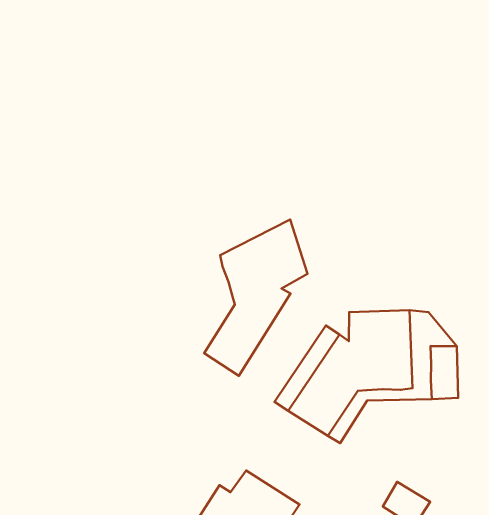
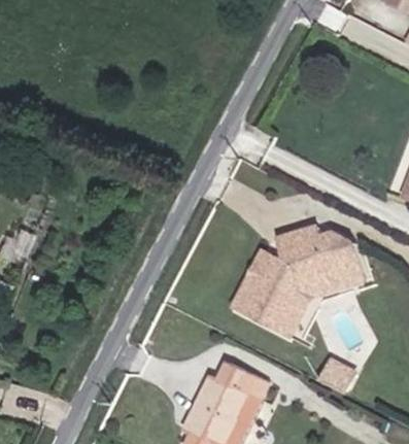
building: [204,220,307,376] -> none

